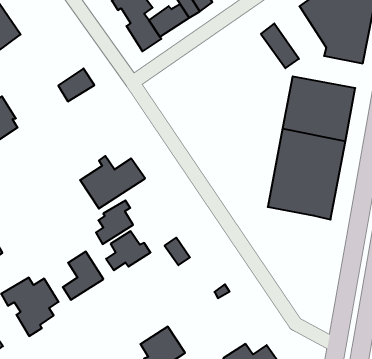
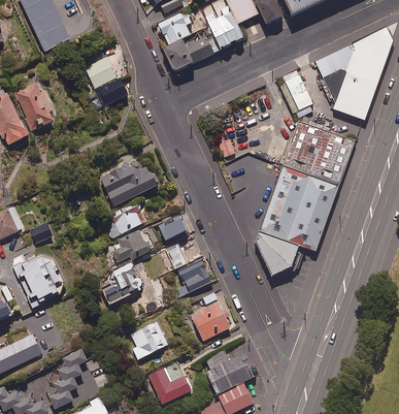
building: none -> [84,56,114,86]
building: none -> [157,214,187,242]
building: none -> [258,229,301,274]
building: [63,252,103,300] -> [104,262,141,302]
building: none -> [174,260,210,296]
building: none -> [190,301,230,341]

